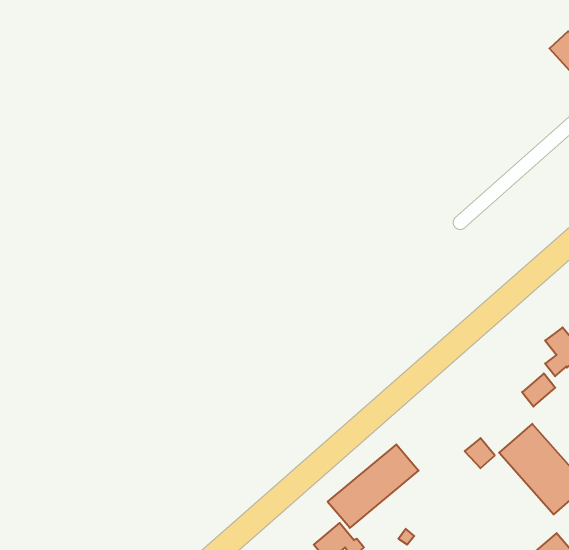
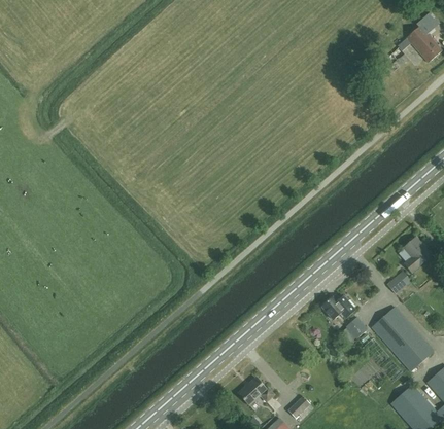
building: none -> [321,295,356,320]
building: [328,444,419,528] -> none

